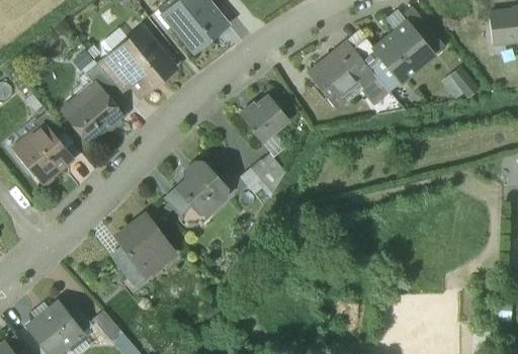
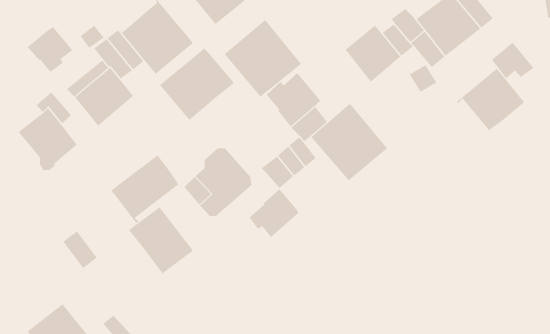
building: none -> [224,19,302,98]
building: none -> [27,26,73,73]
building: none -> [159,47,235,121]
building: none -> [457,68,525,131]
building: none -> [311,103,388,181]
building: none -> [111,155,179,224]
building: none -> [249,188,299,238]
building: [114,251,146,285] -> [63,230,98,269]

